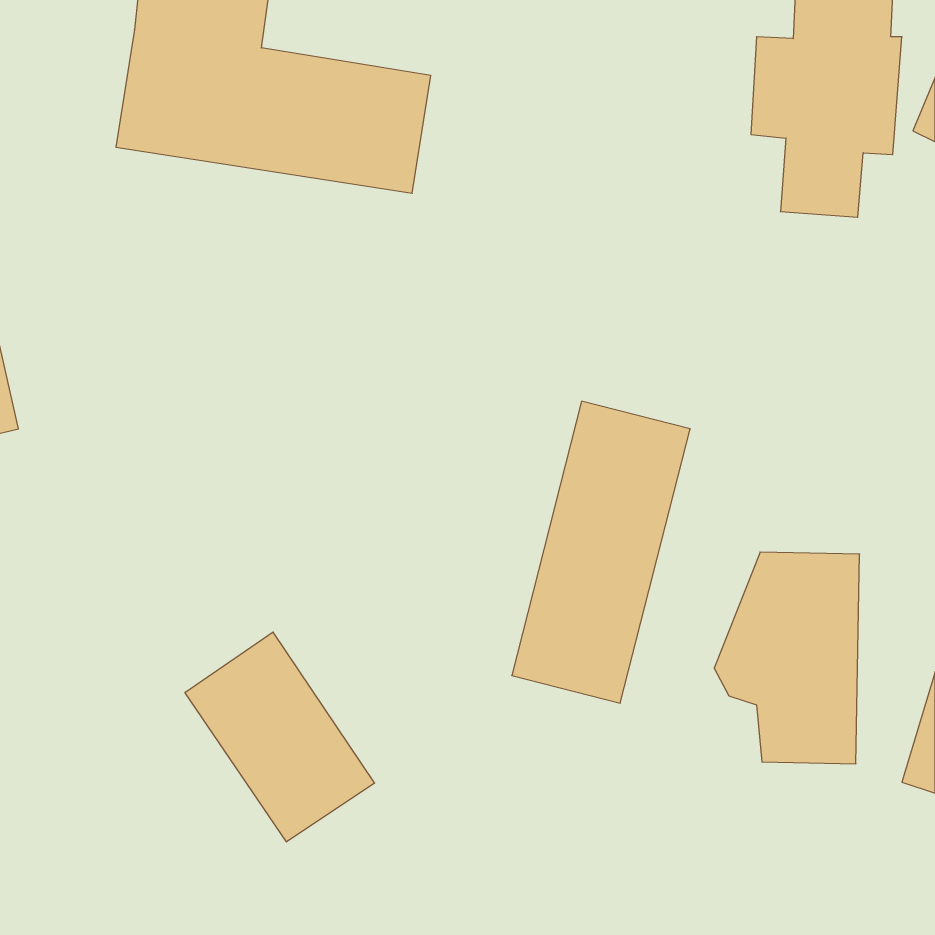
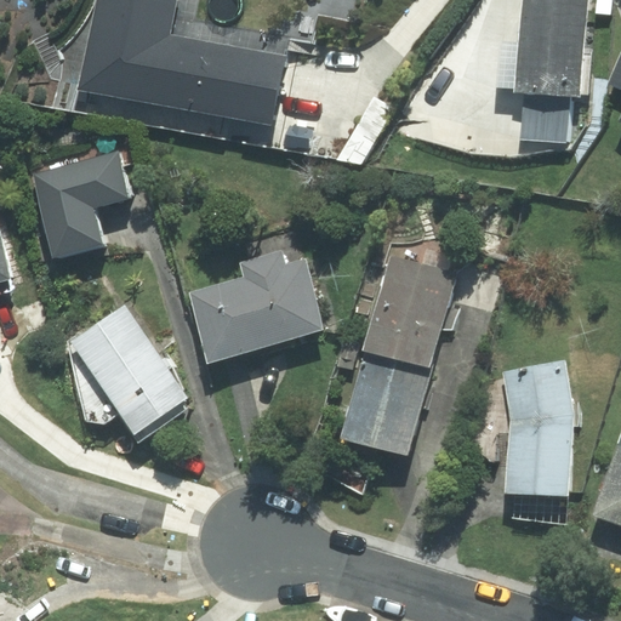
building: none -> [32,146,142,260]
building: none -> [186,255,327,369]
building: [185,632,375,842] -> [68,298,193,437]

